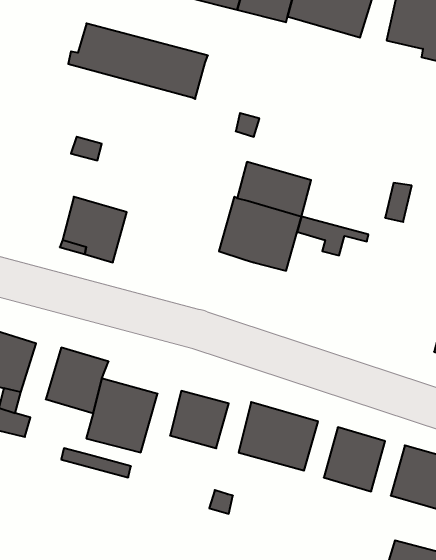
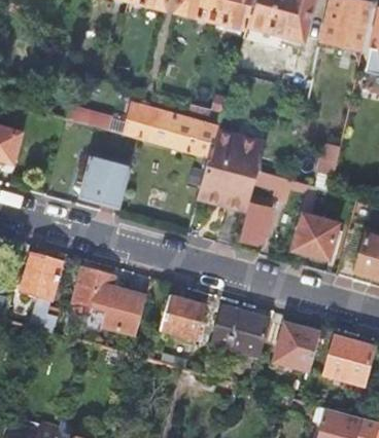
building: [68,23,208,99] -> [117,101,220,156]
building: none -> [240,192,275,243]
building: none -> [295,212,340,256]

